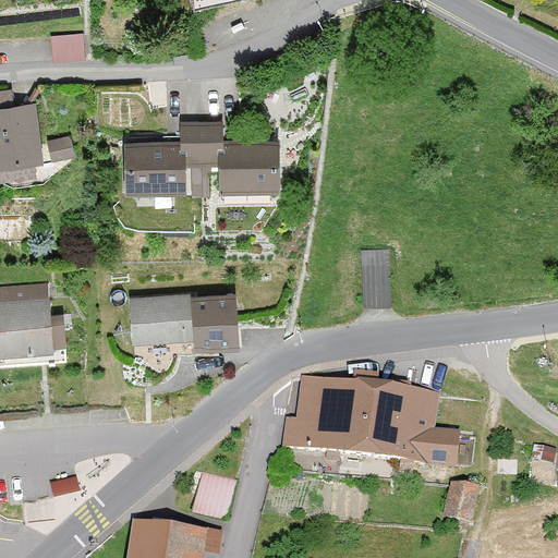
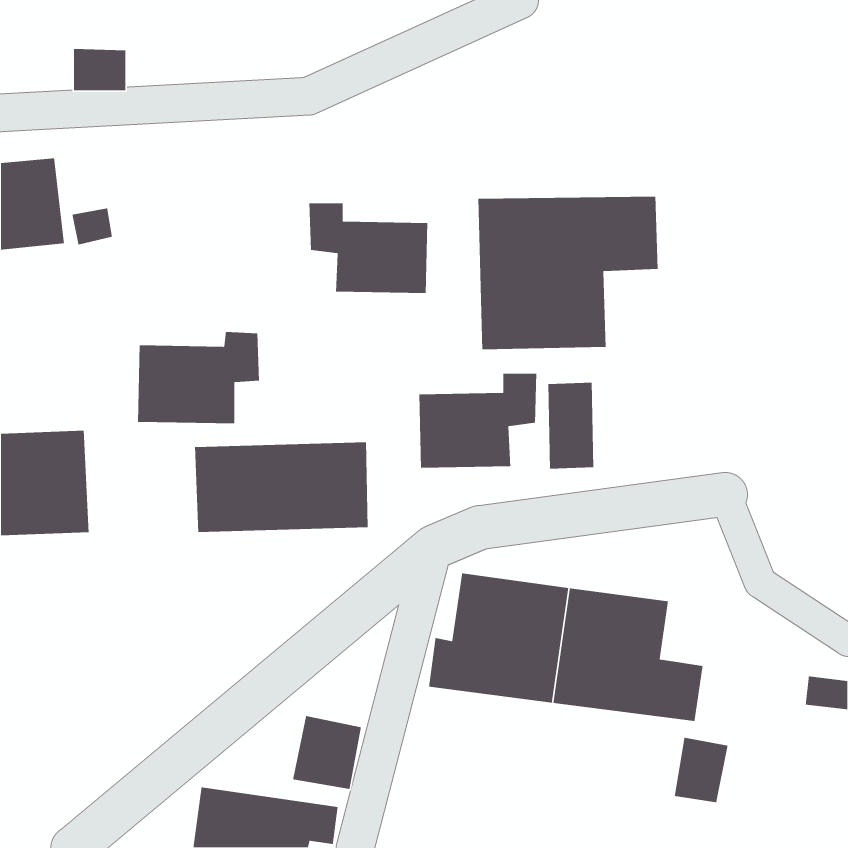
building: none -> [477,196,658,350]
building: [123,132,204,193] -> [137,331,260,424]
building: none -> [418,373,537,468]

